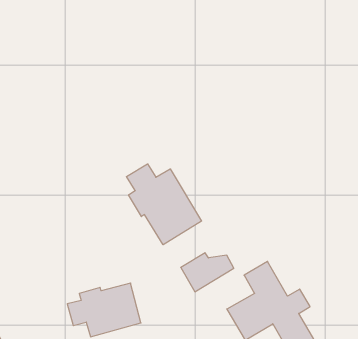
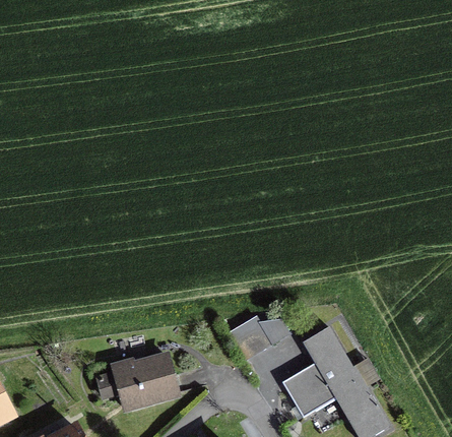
building: [126,164,202,245] -> none

